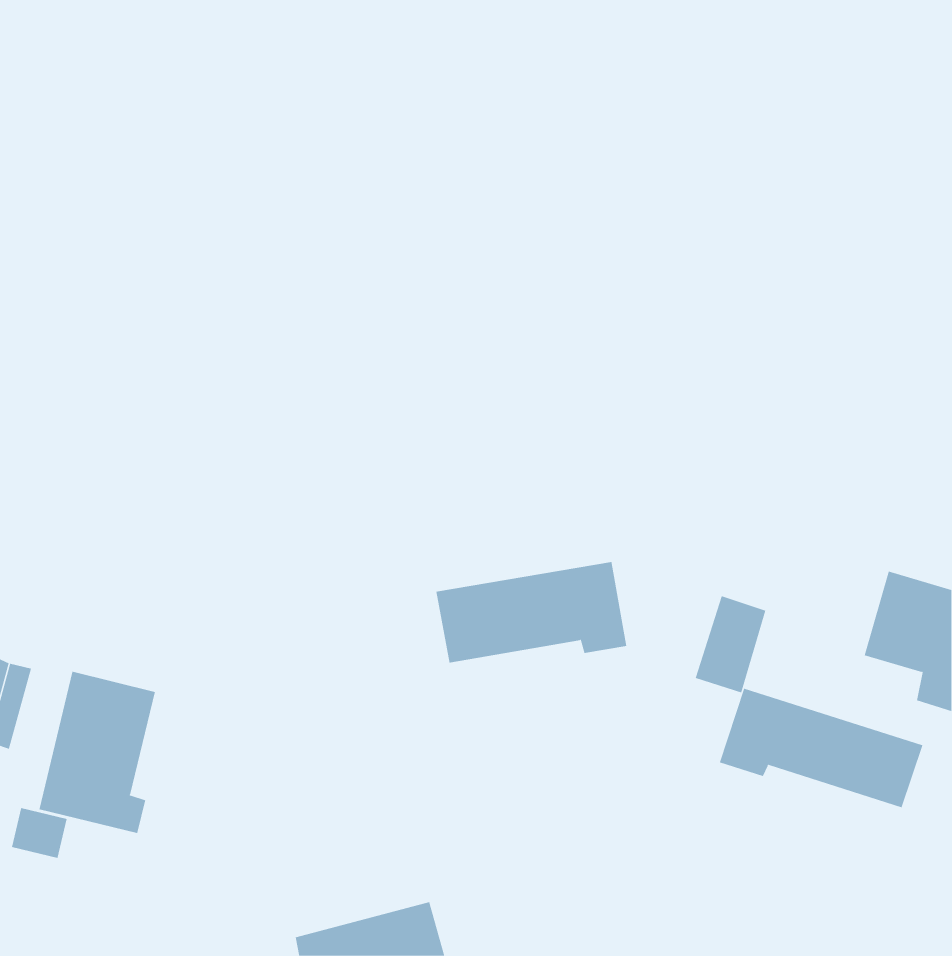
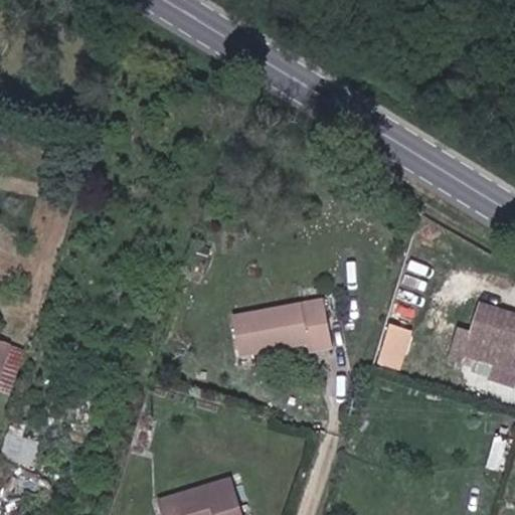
building: [39,671,155,834] -> none
building: [719,688,923,808] -> none

